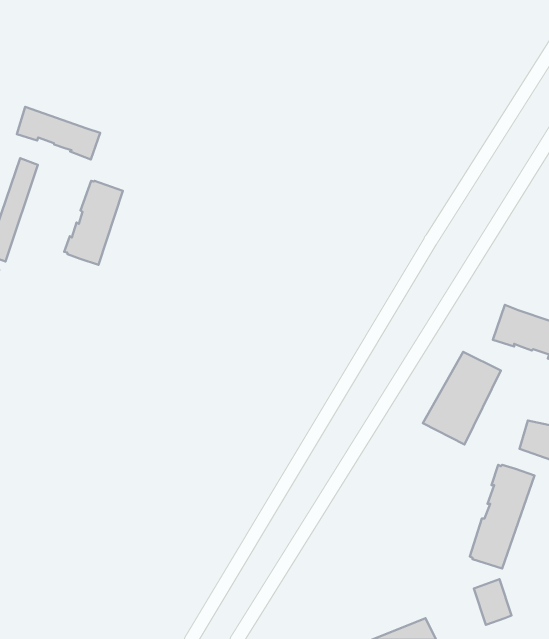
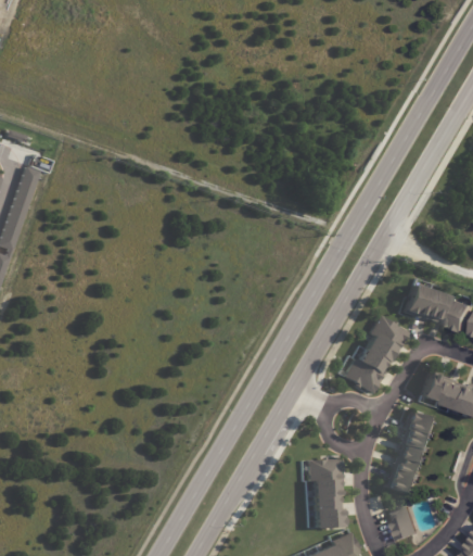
building: [17,107,100,159] -> none
building: [64,181,123,265] -> none
building: none -> [302,462,344,529]

